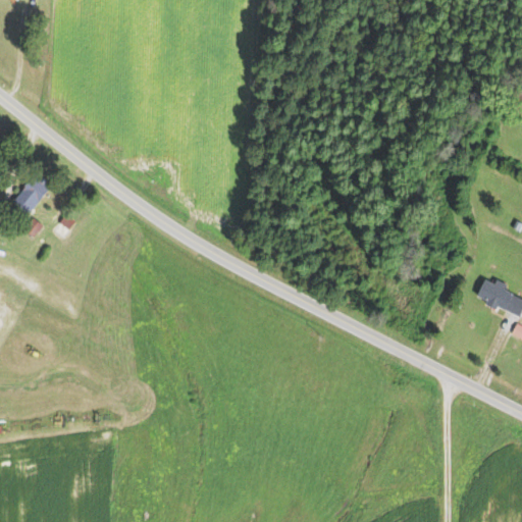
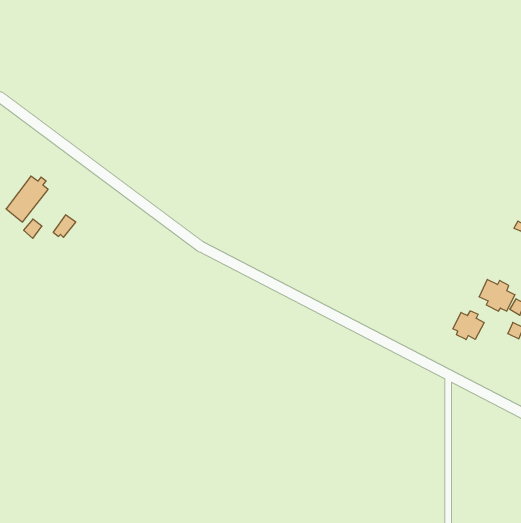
building: none -> [453,311,484,340]

